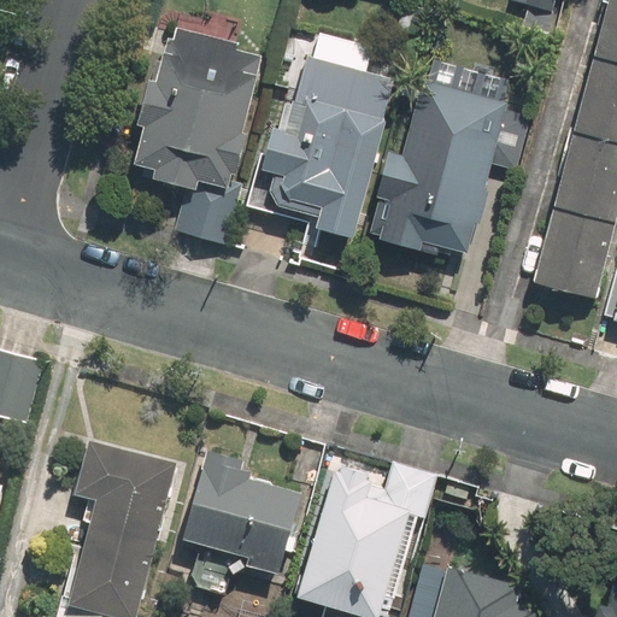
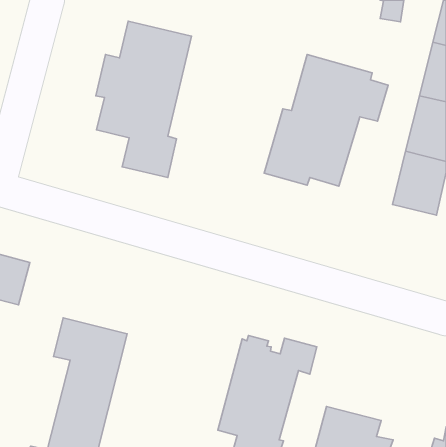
building: [259,31,395,242] -> none
building: [183,448,300,593] -> none

